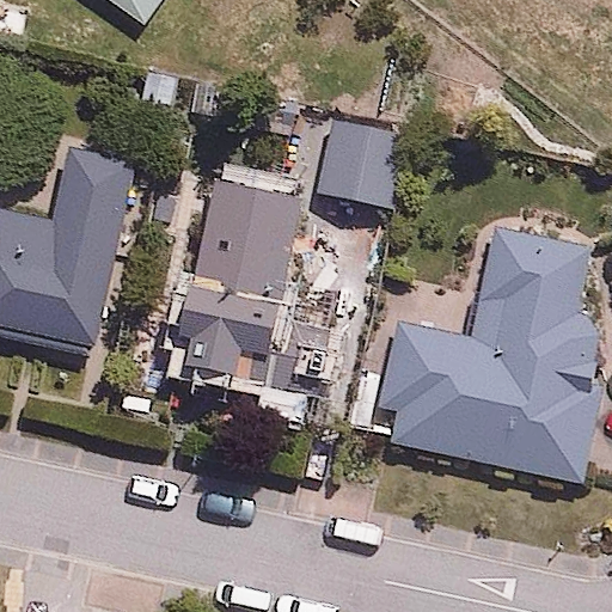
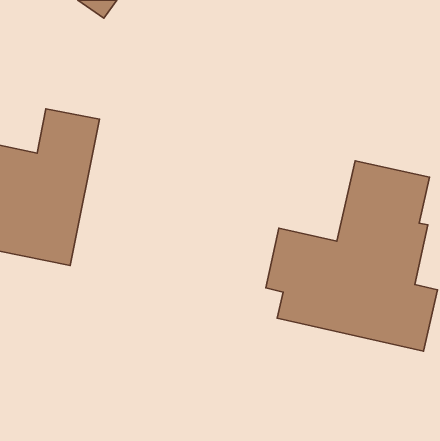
building: [311,120,402,198] -> none
building: [180,176,325,386] -> none

